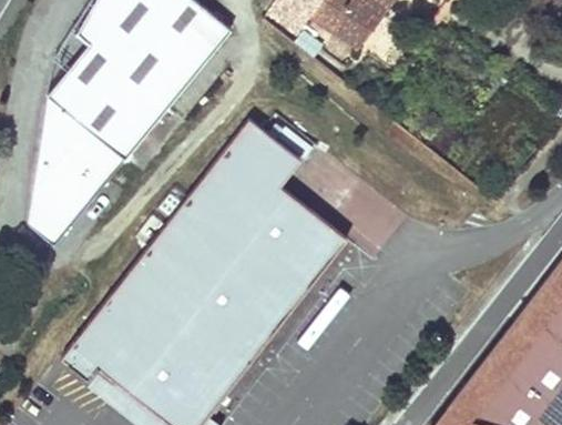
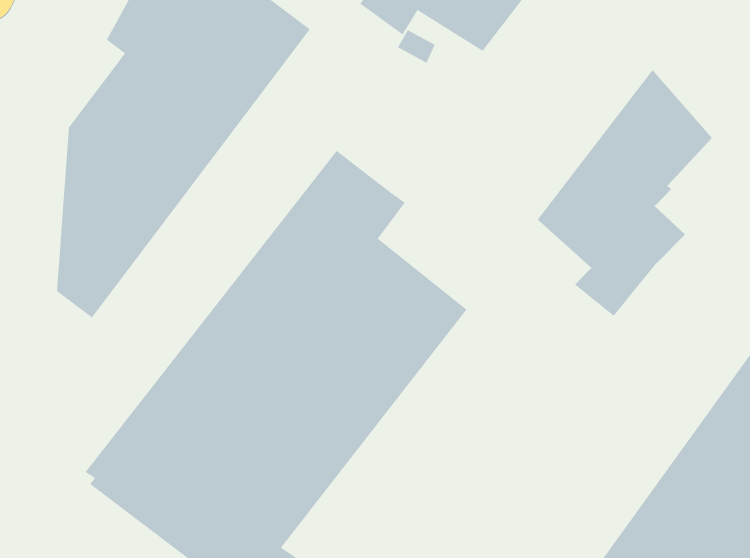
building: none -> [537,69,713,317]

